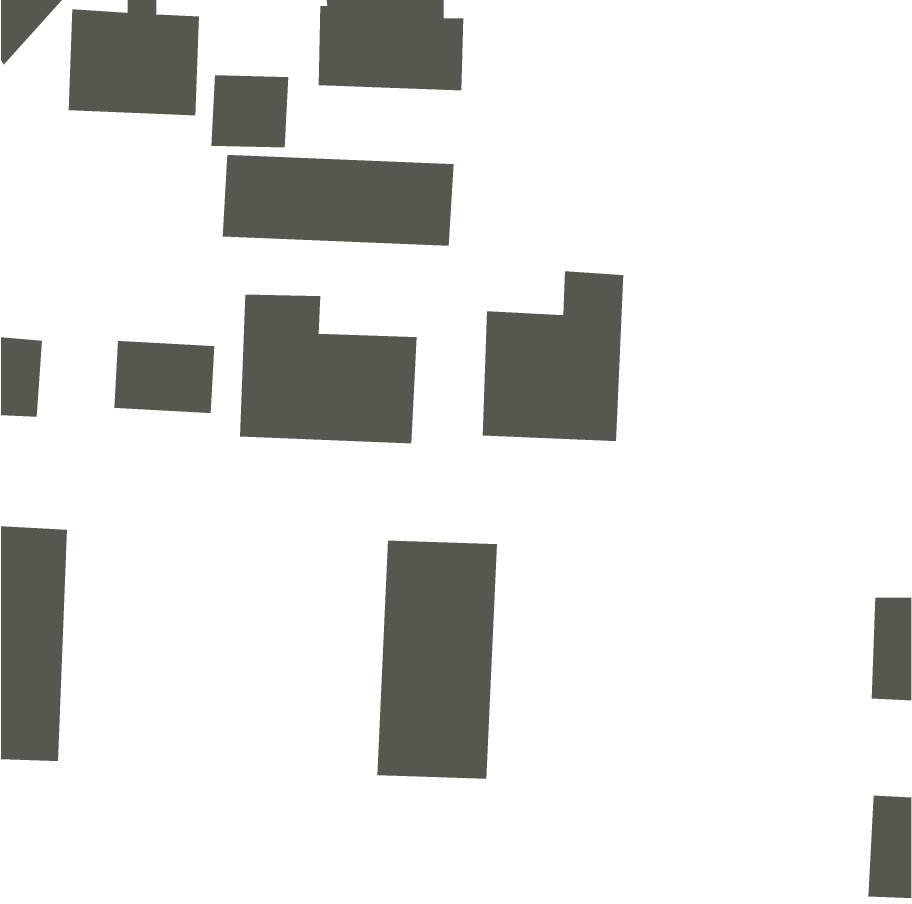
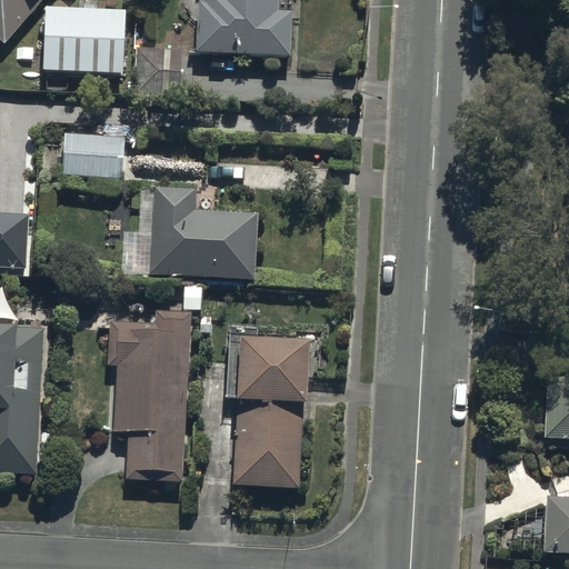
building: [222,154,454,246] -> none
building: [482,270,624,442] -> none
building: [113,341,215,414] -> [59,133,122,179]
building: none -> [109,311,189,483]

